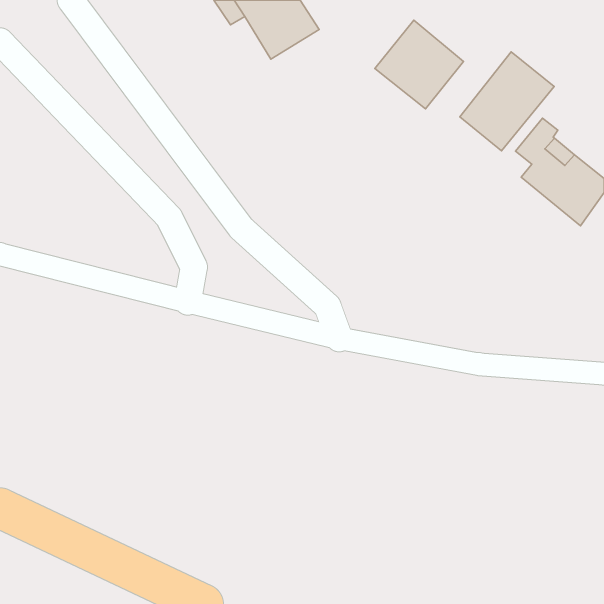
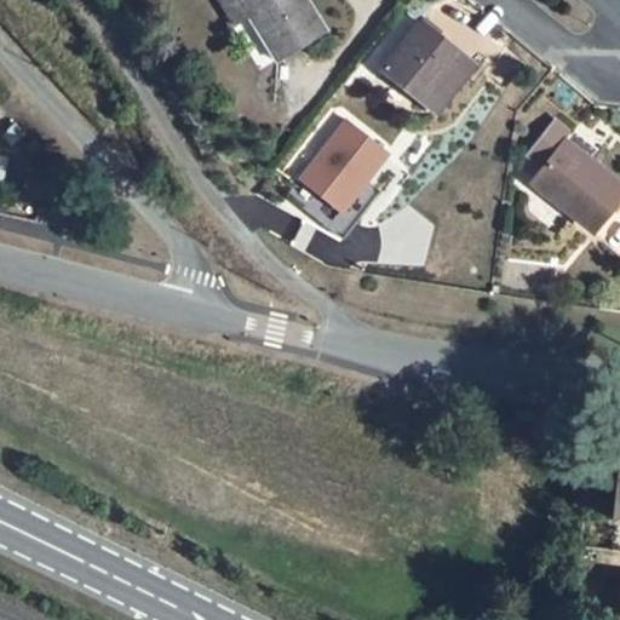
building: [460,52,554,151] -> none
building: none -> [293,116,390,214]

